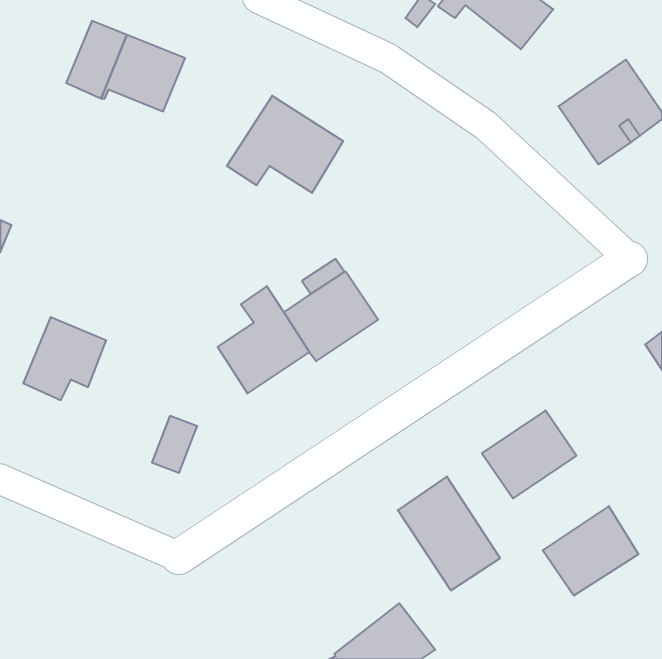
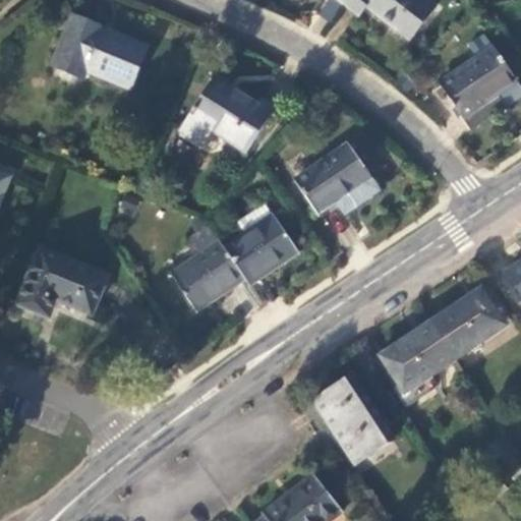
building: none -> [293,142,380,215]
building: [152,416,197,473] -> [69,268,105,312]
building: [543,506,639,595] -> [428,288,504,358]

